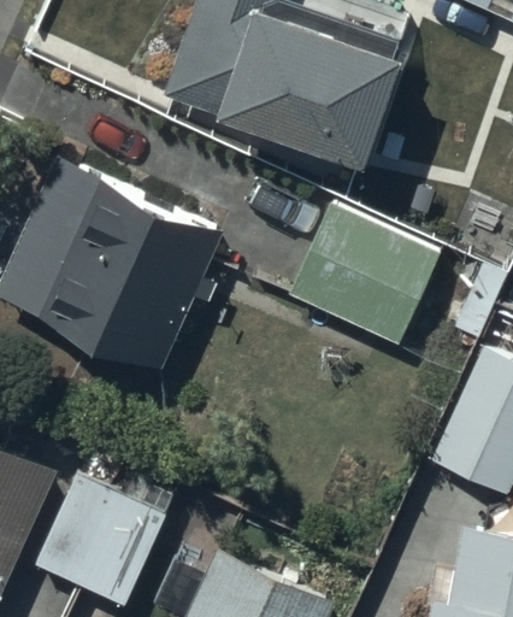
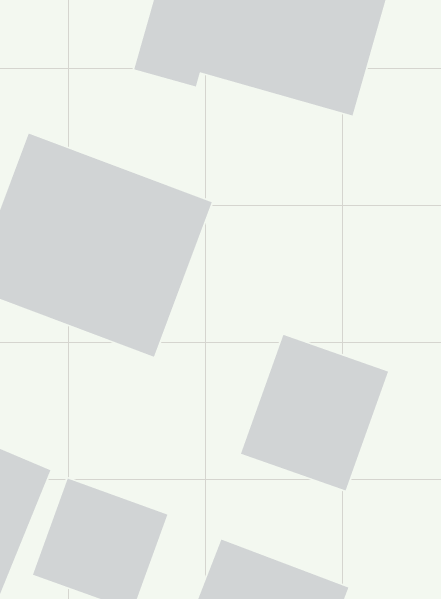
building: [288,204,437,343] -> none
building: none -> [240,334,389,492]

